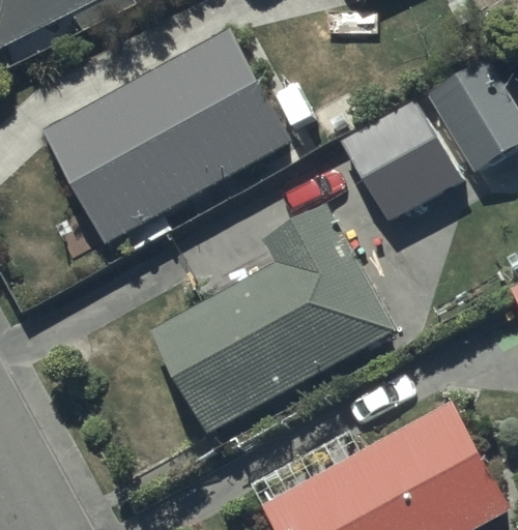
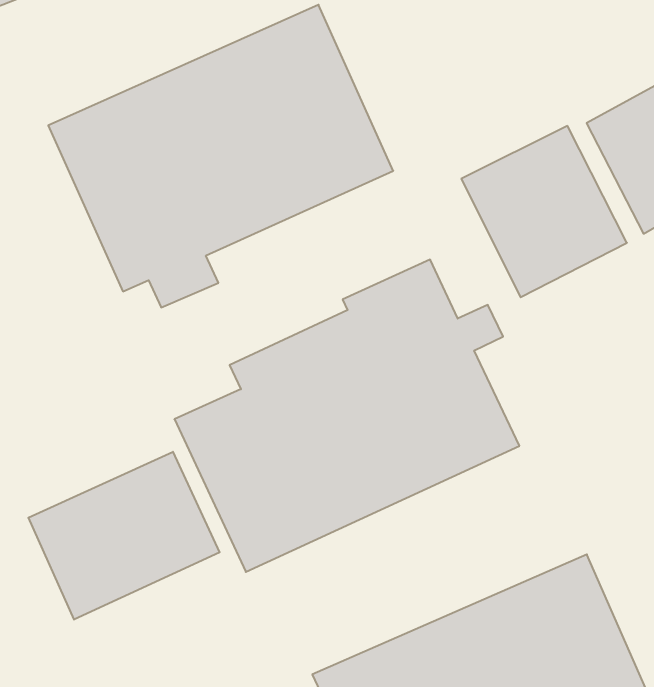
building: none -> [28,452,220,620]

